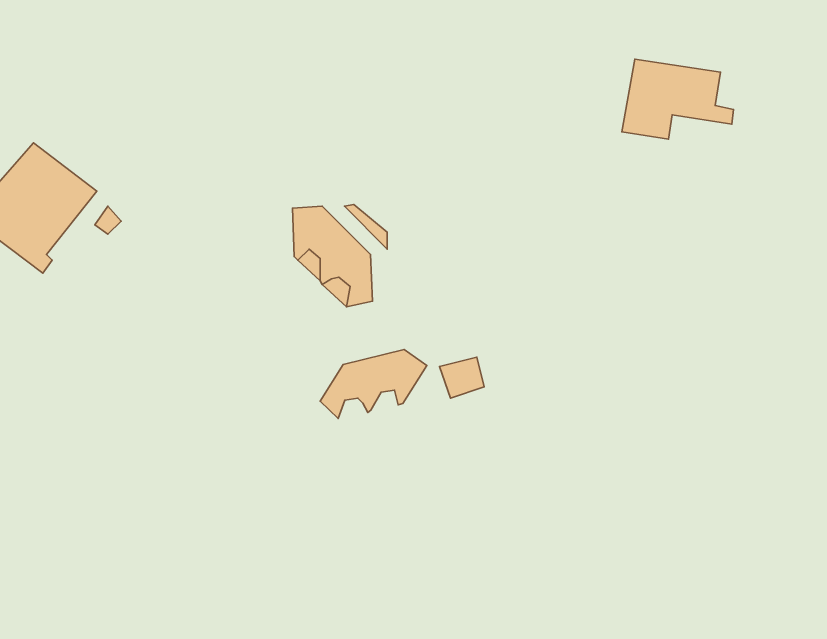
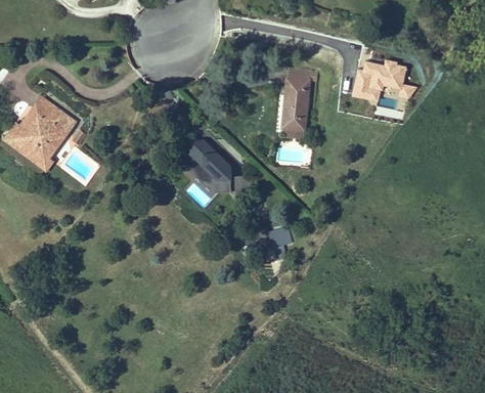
building: none -> [280,78,308,132]
building: [320,349,427,418] -> none

